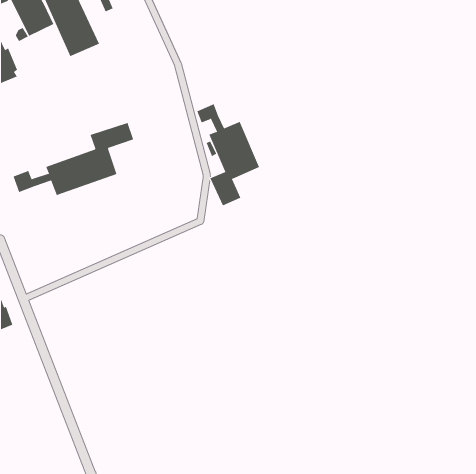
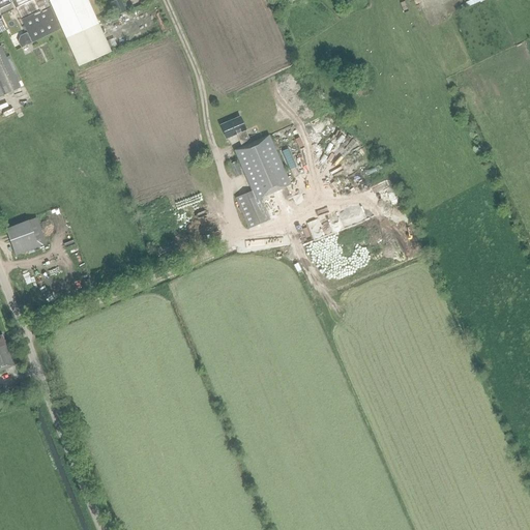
building: [13,122,134,196] -> none
building: none -> [4,215,46,253]

